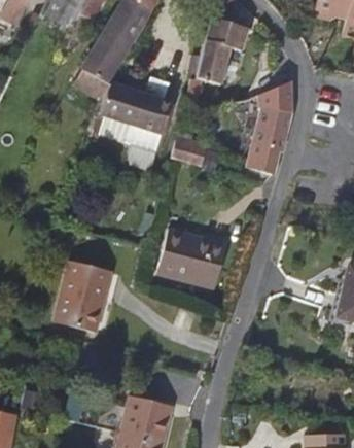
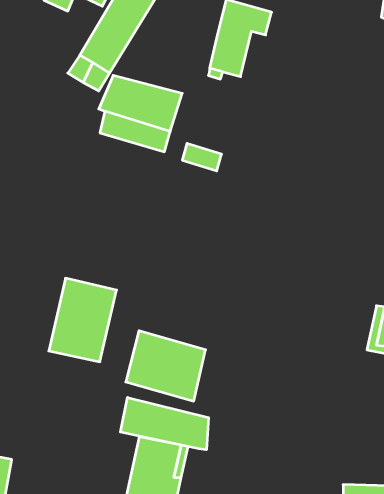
building: [242,104,291,173] -> none
building: [154,228,223,288] -> [126,331,206,401]
building: none -> [120,397,209,450]

